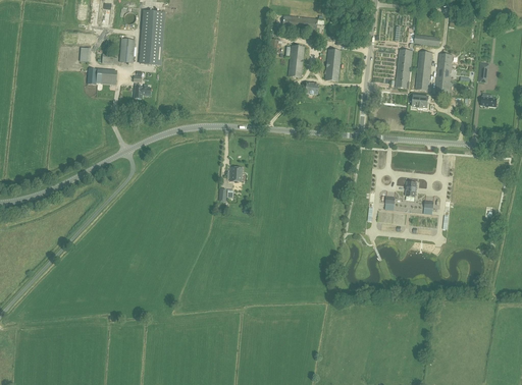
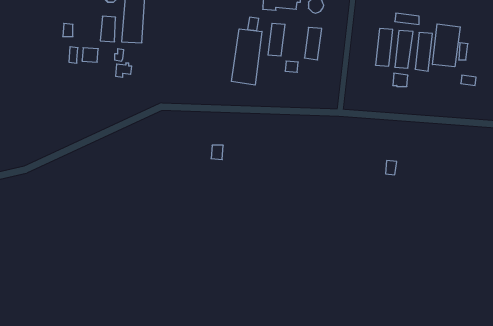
building: none -> [433,24,460,67]
building: none -> [231,29,262,85]

